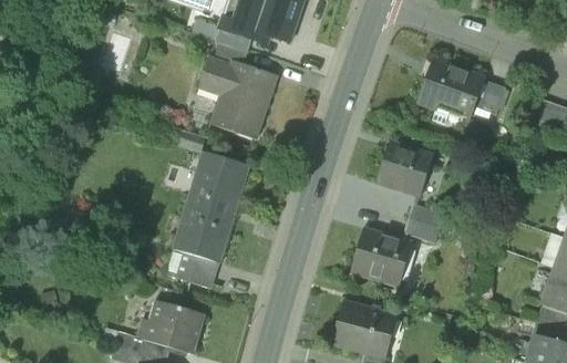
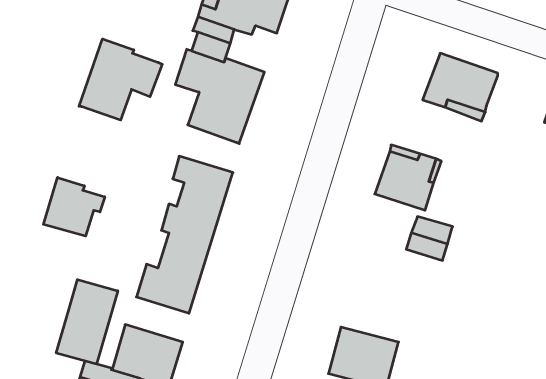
building: none -> [79,39,162,120]
building: [474,79,506,113] -> none
building: none -> [43,177,105,236]
building: [351,227,412,284] -> none
building: none -> [56,280,118,364]

